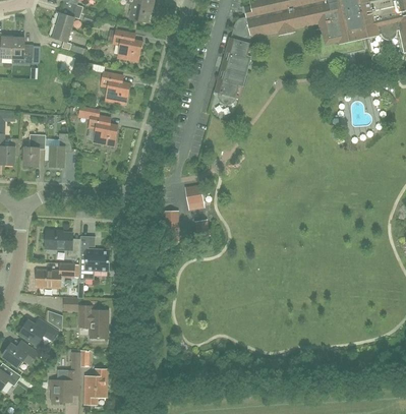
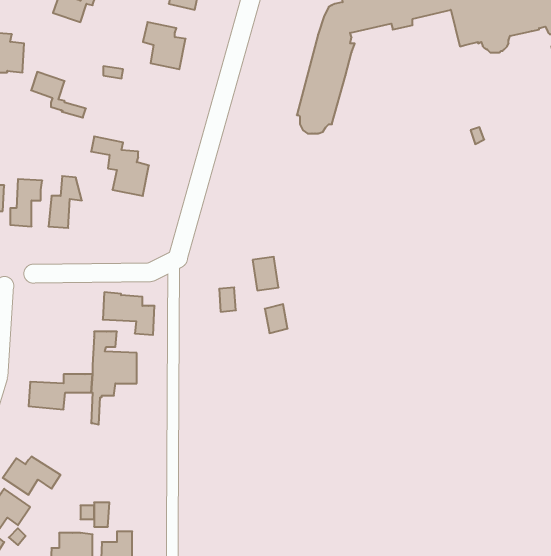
building: [48,23,84,54] -> [31,72,86,118]
building: [100,71,128,104] -> none
building: [45,230,79,258] -> [103,292,155,335]
building: [62,297,107,338] -> none

